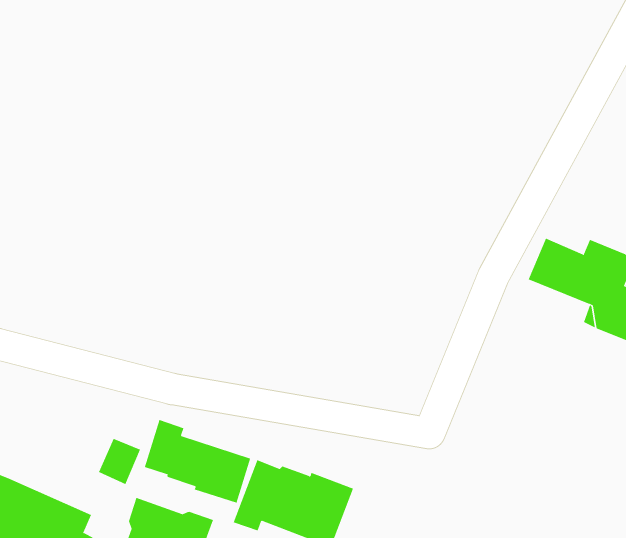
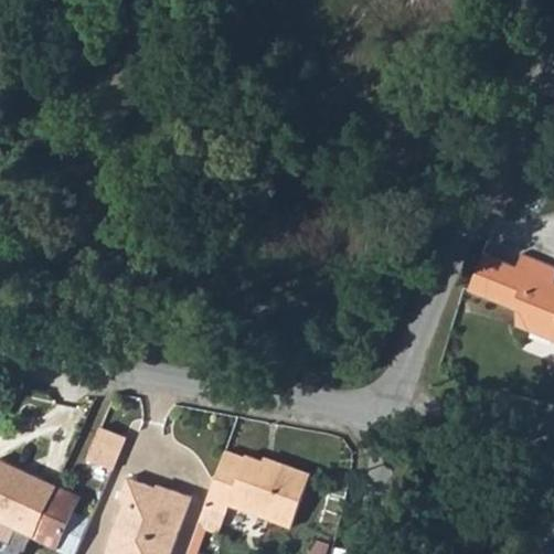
building: [144,419,251,504] -> none

